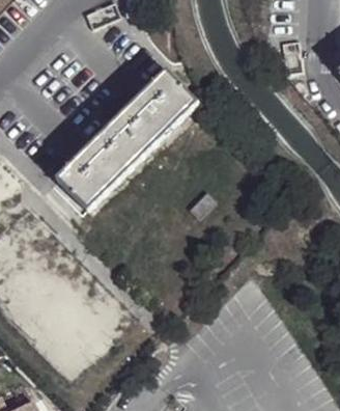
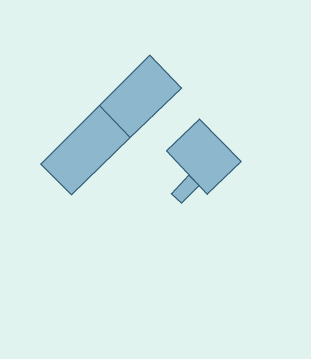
building: none -> [167,119,241,194]

